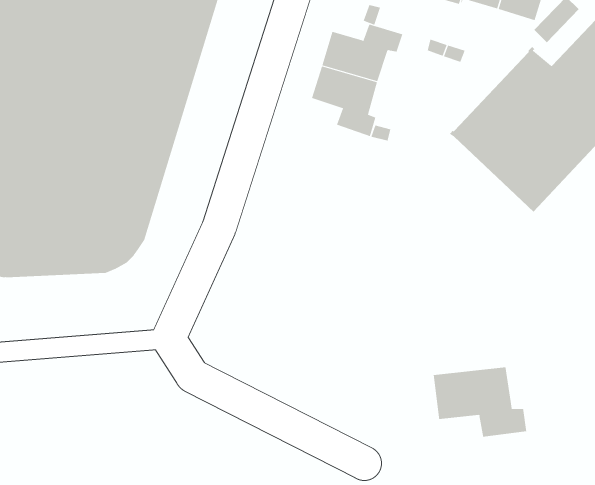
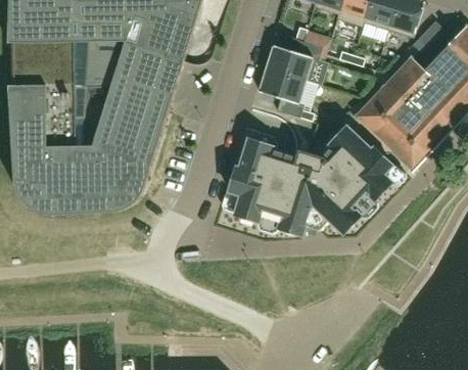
building: none -> [230,127,389,232]
building: [433,367,527,437] -> none

